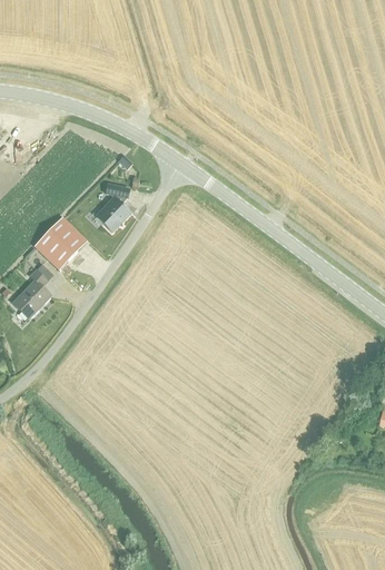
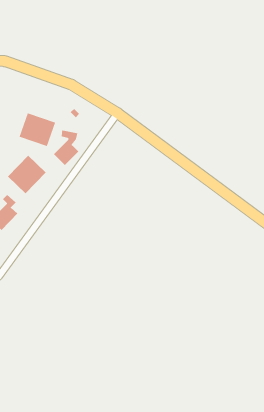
building: none -> [19,112,56,147]

